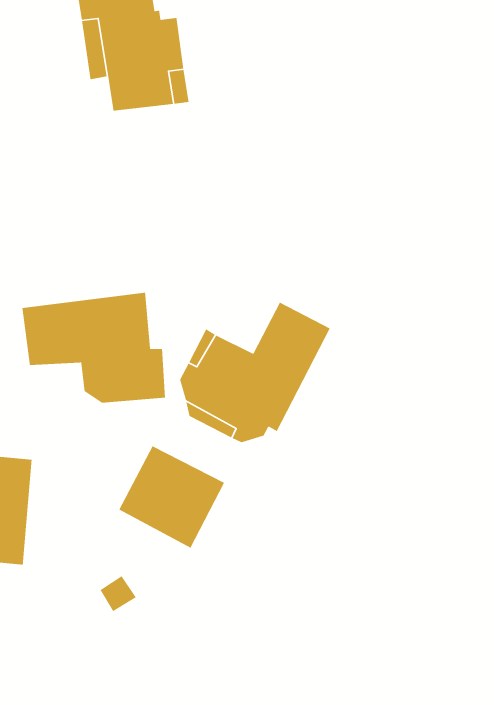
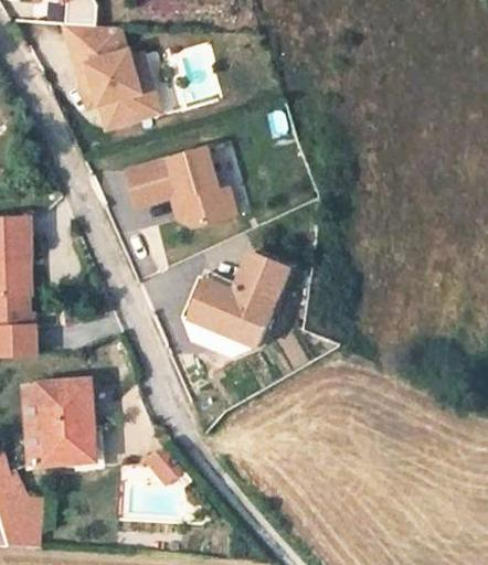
building: [22,292,166,403] -> [123,143,236,228]
building: [118,445,225,549] -> none

